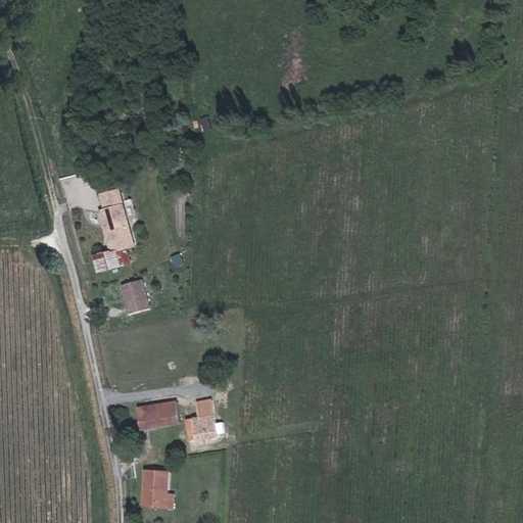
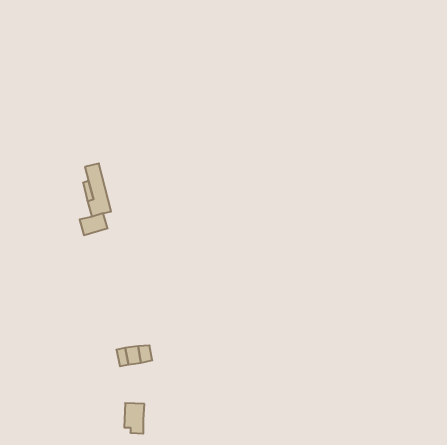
building: [124,277,153,312] -> none
building: [190,399,215,438] -> none

